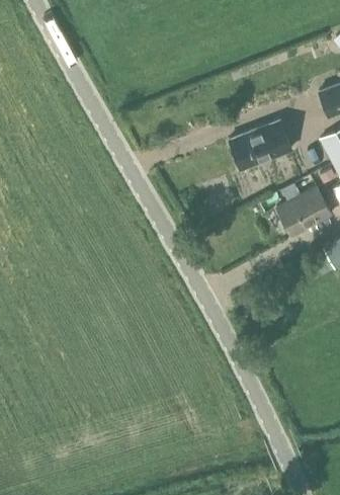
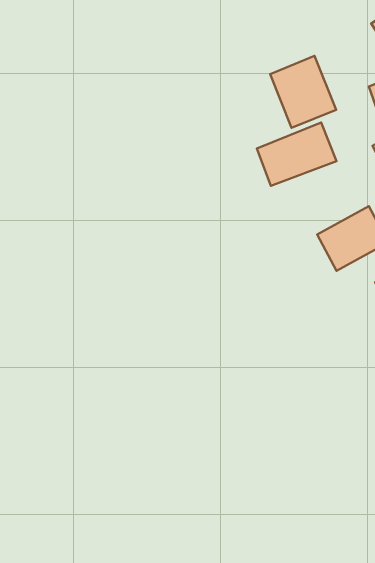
building: none -> [270,56,336,128]

